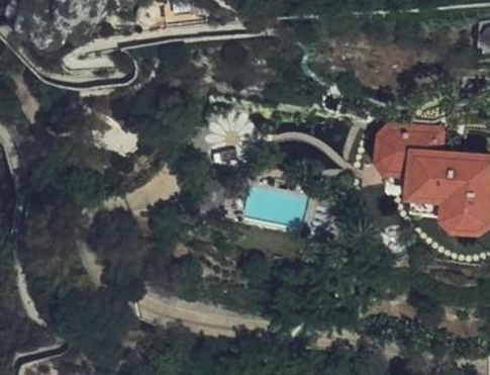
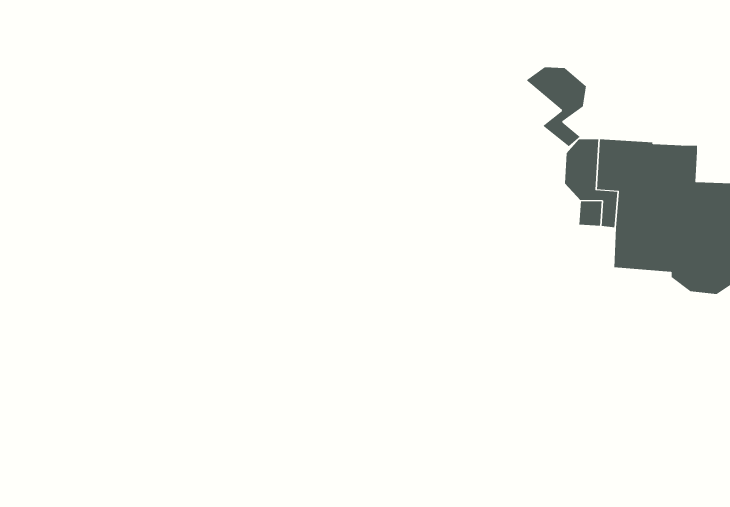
building: none -> [525,67,586,147]

